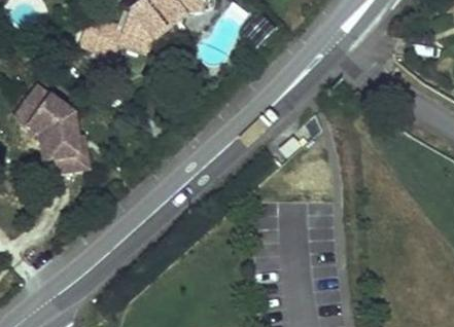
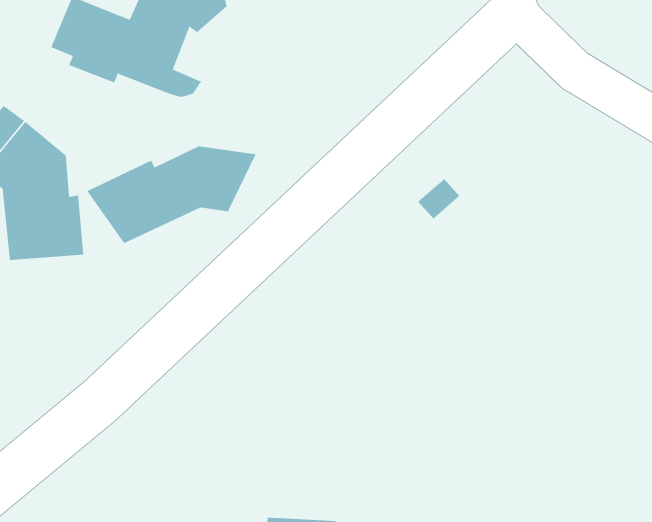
building: none -> [86,146,257,244]

